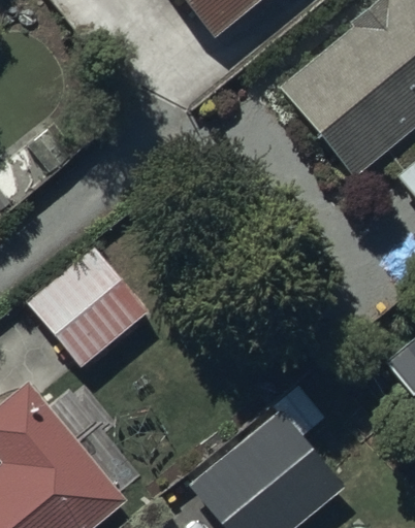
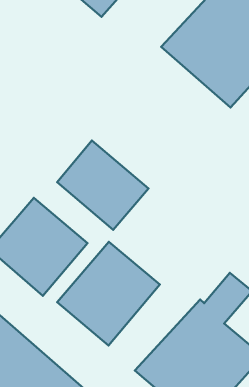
building: none -> [57,141,148,230]
building: none -> [57,242,160,346]

